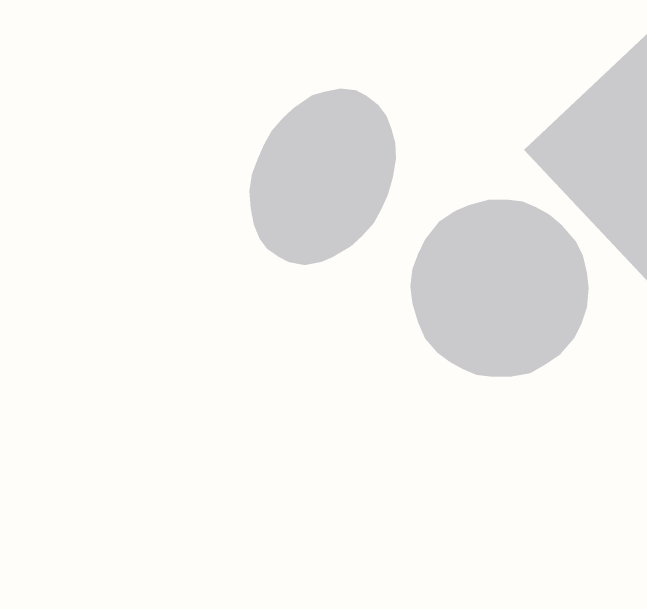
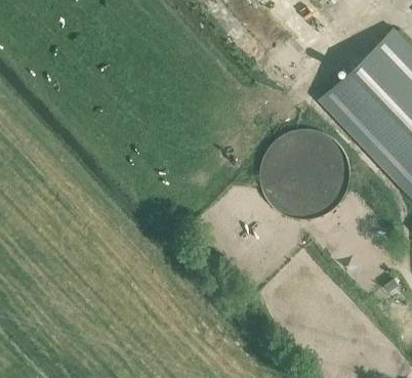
building: [249,88,397,266] -> none

